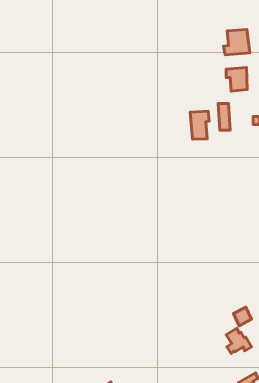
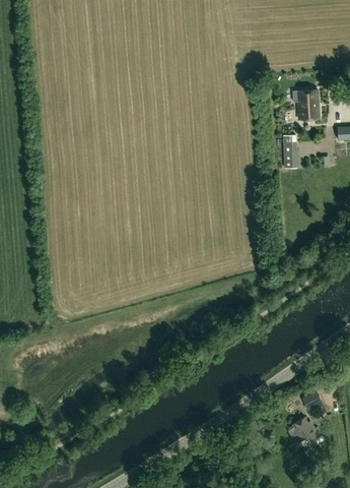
building: [224,30,250,55] -> none
building: [190,111,209,139] -> none

